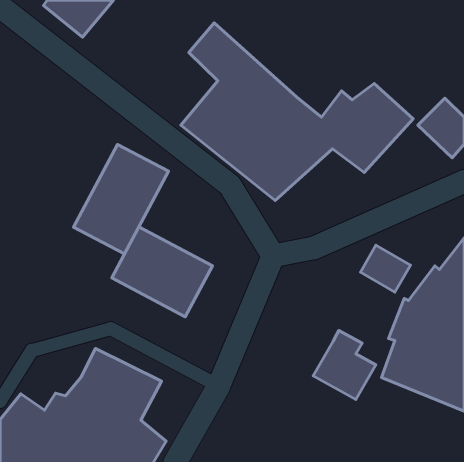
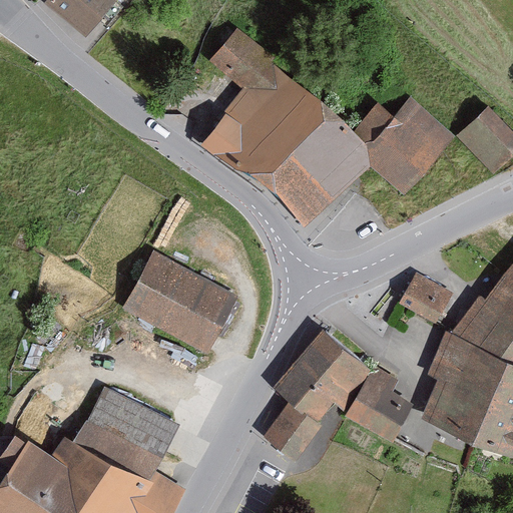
building: [74,144,168,254] -> none
building: none -> [264,332,372,464]

